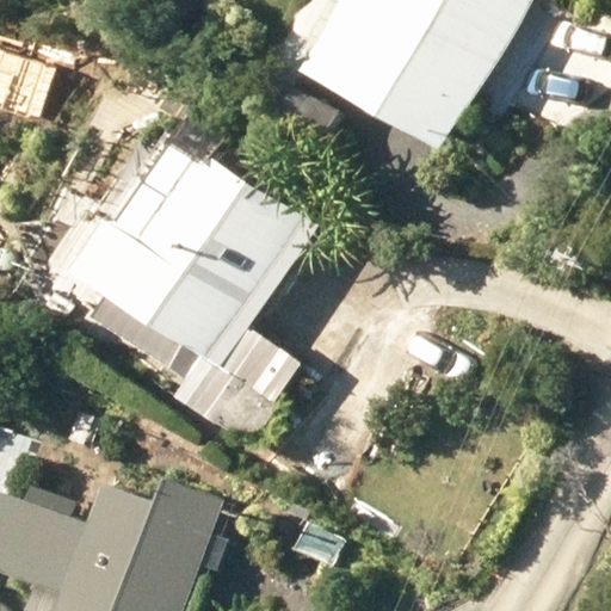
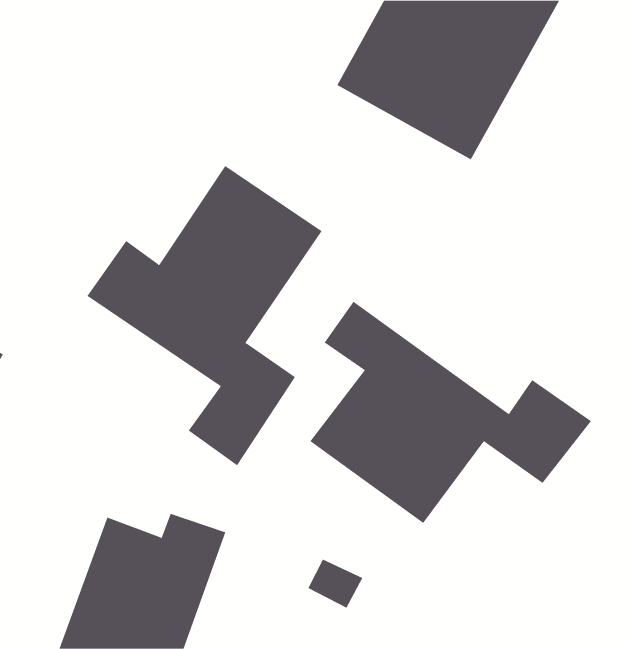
building: none -> [309,301,592,524]

